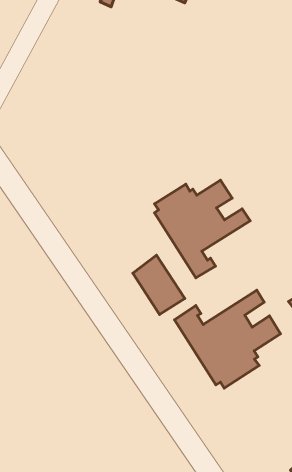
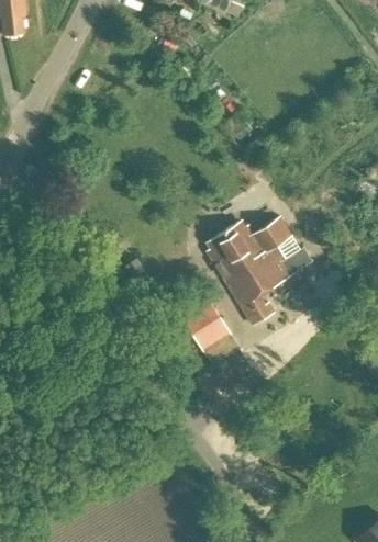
building: [175,290,281,388] -> none

